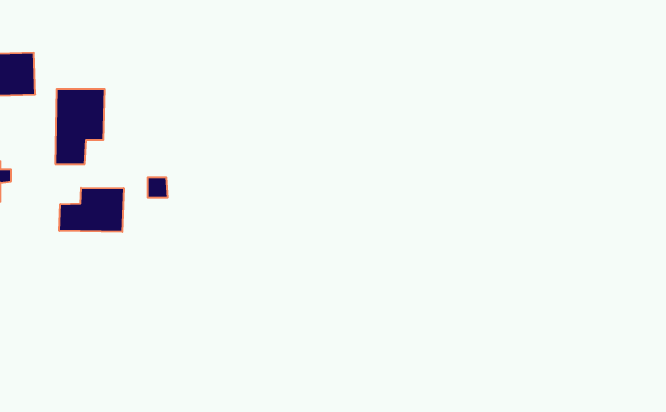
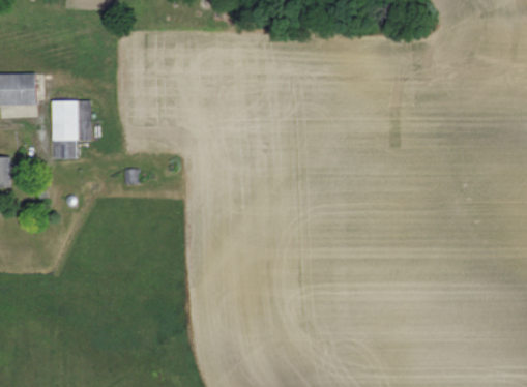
building: [59,188,124,232] -> none

